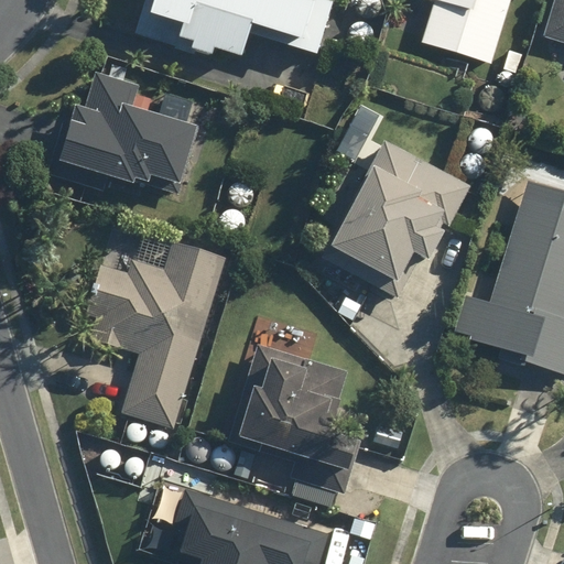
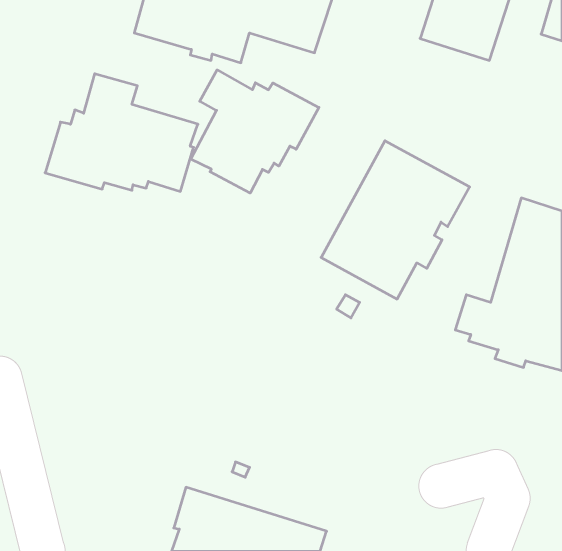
building: none -> [191,70,319,193]
building: [85,239,224,426] -> none
building: [227,344,359,494] -> none

